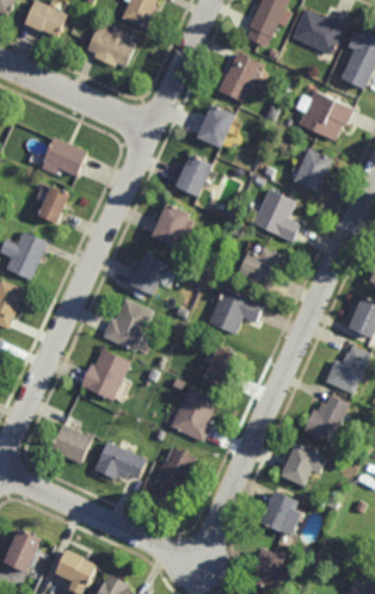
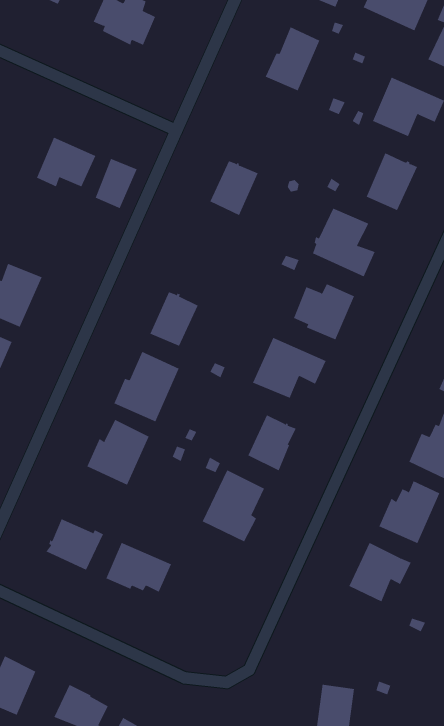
building: [195,103,235,147] -> none
building: [38,185,70,223] -> [95,158,137,209]
building: [150,202,192,246] -> none
building: [148,447,195,503] -> none
building: [259,490,301,537] -> none

